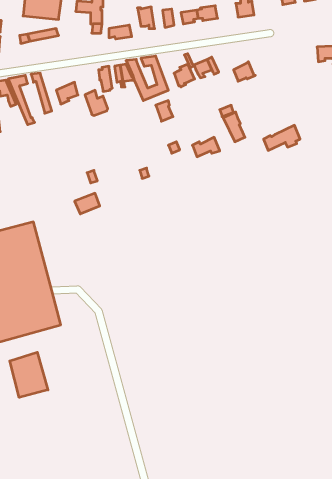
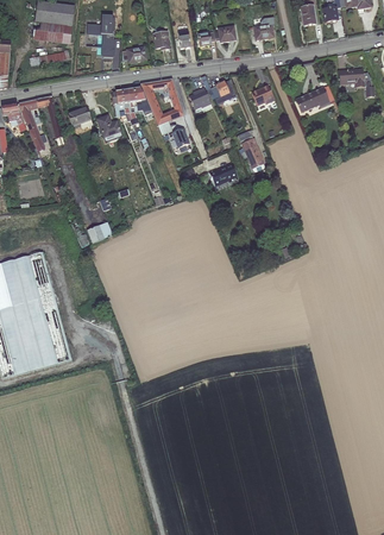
building: [264,125,300,150] -> [295,84,333,111]
building: [10,352,48,397] -> none

